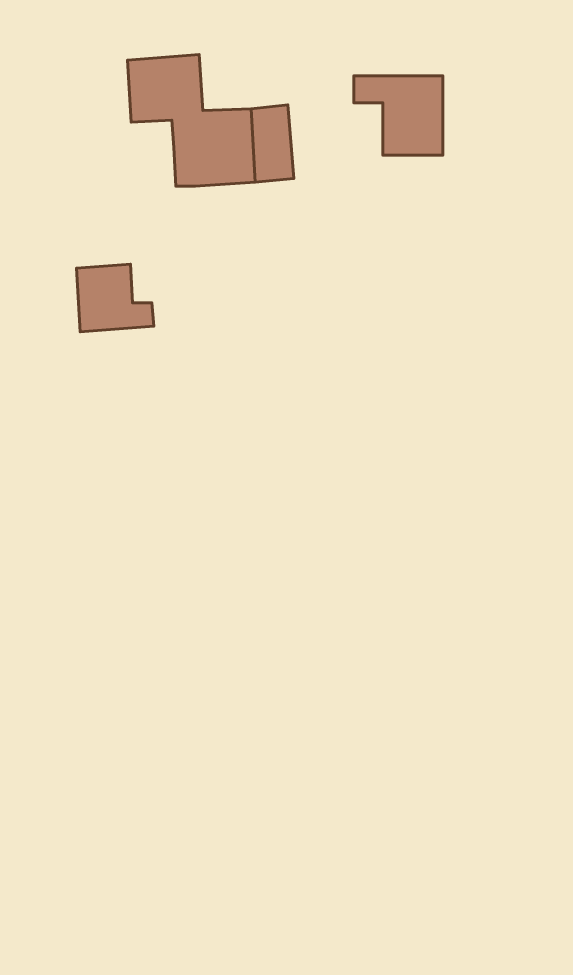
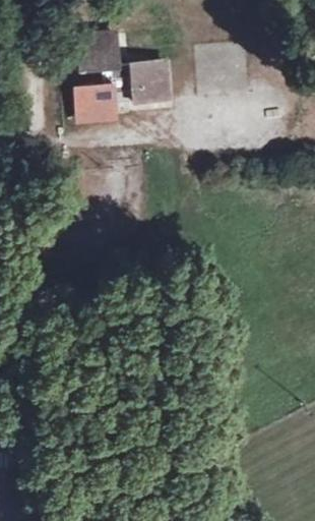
building: [76,264,154,332] -> [75,84,116,120]

